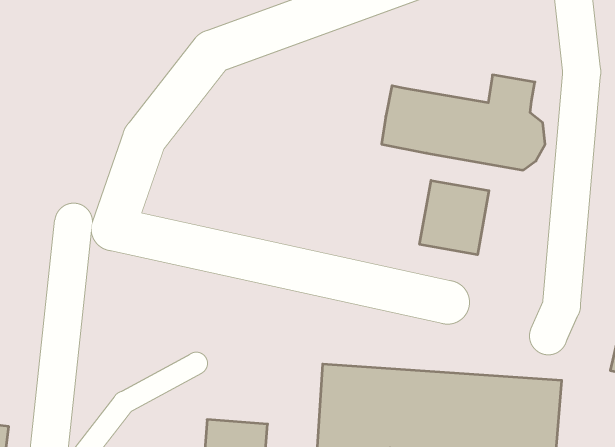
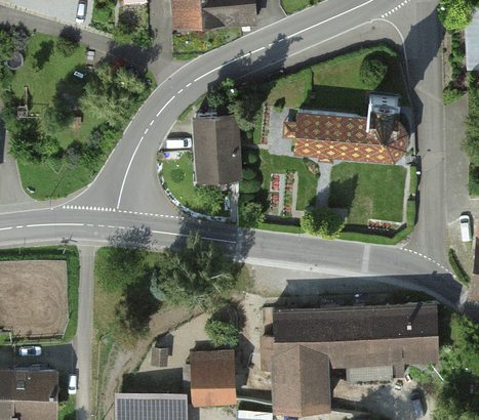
building: none -> [195,124,243,185]
building: [420,180,489,255] -> none

